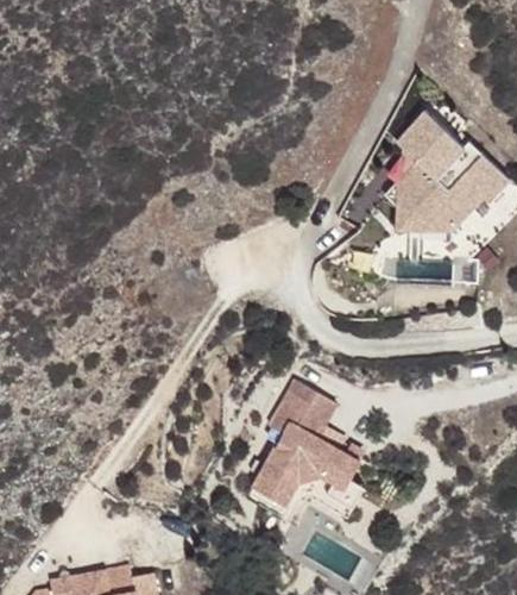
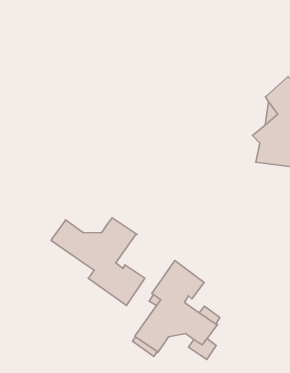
building: none -> [51,218,145,305]

